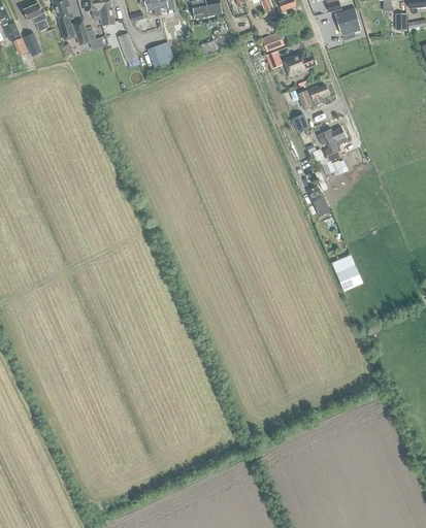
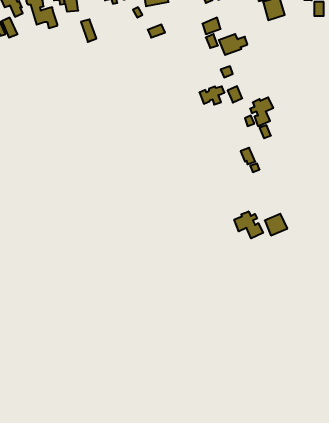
building: [149,42,173,69] -> none
building: [298,85,328,106] -> [199,86,225,105]
building: none -> [234,211,263,238]

